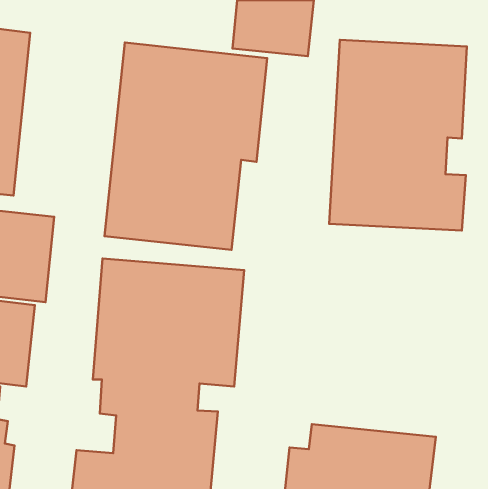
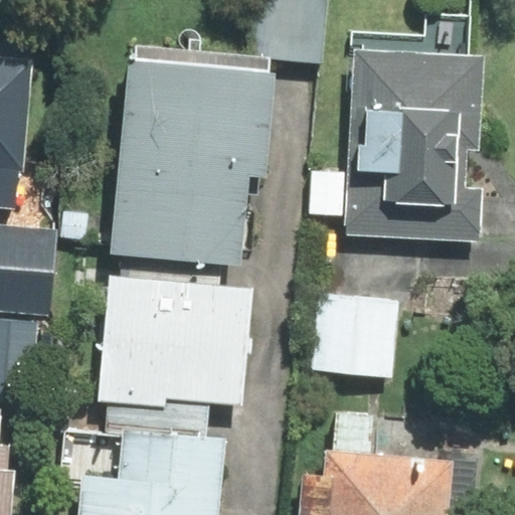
building: none -> [310,294,396,380]

